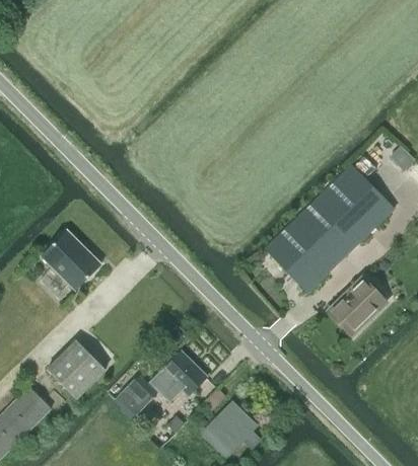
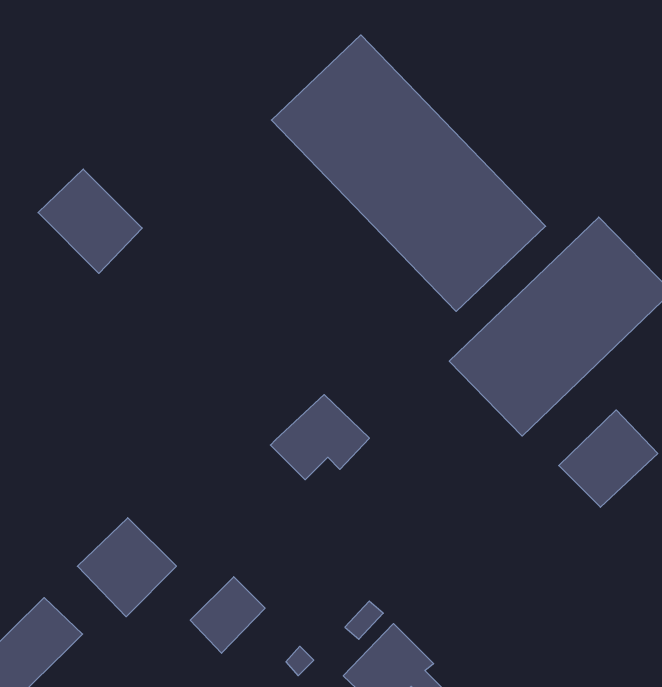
building: none -> [271,35,546,311]
building: [41,230,101,291] -> [38,169,142,273]
building: [149,352,207,401] -> [270,395,369,480]

